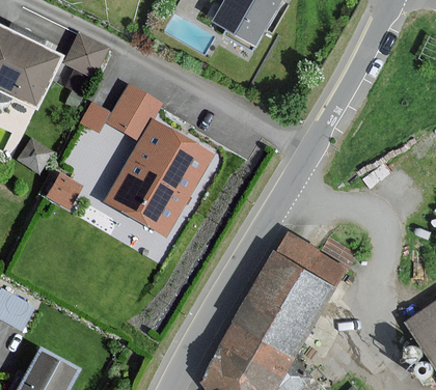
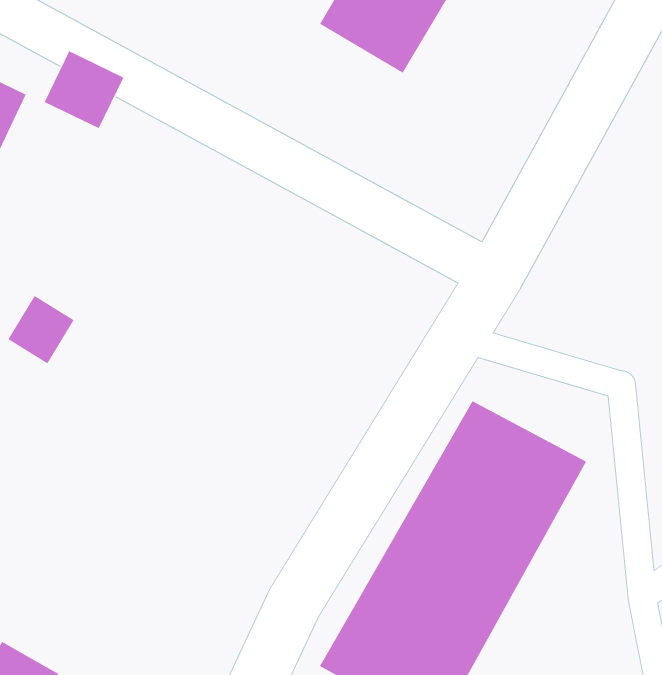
building: [78,85,208,236] -> none

